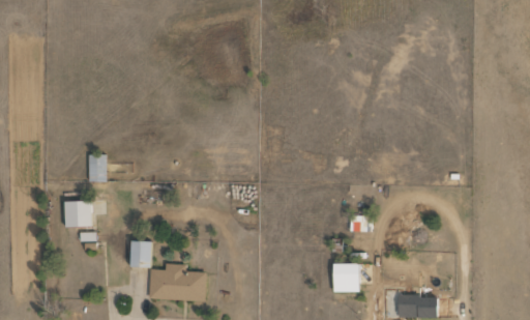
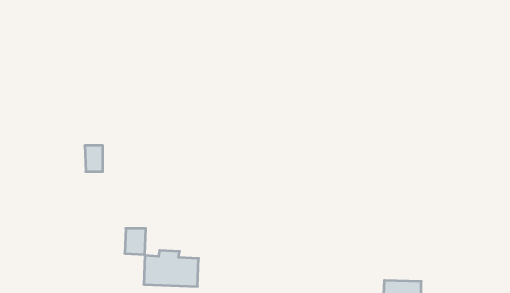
building: [64,200,91,227] -> none
building: [332,263,358,292] -> none

